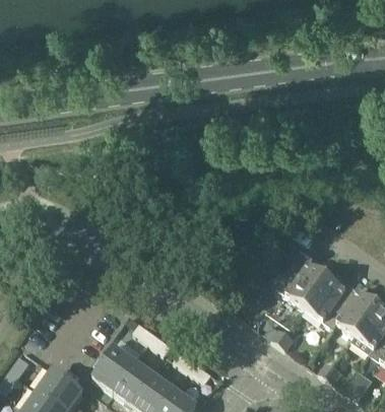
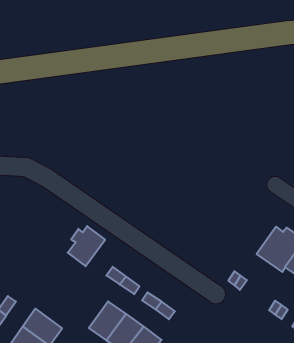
building: [277,251,329,308] -> none
building: [94,347,137,393] -> [68,226,105,266]

